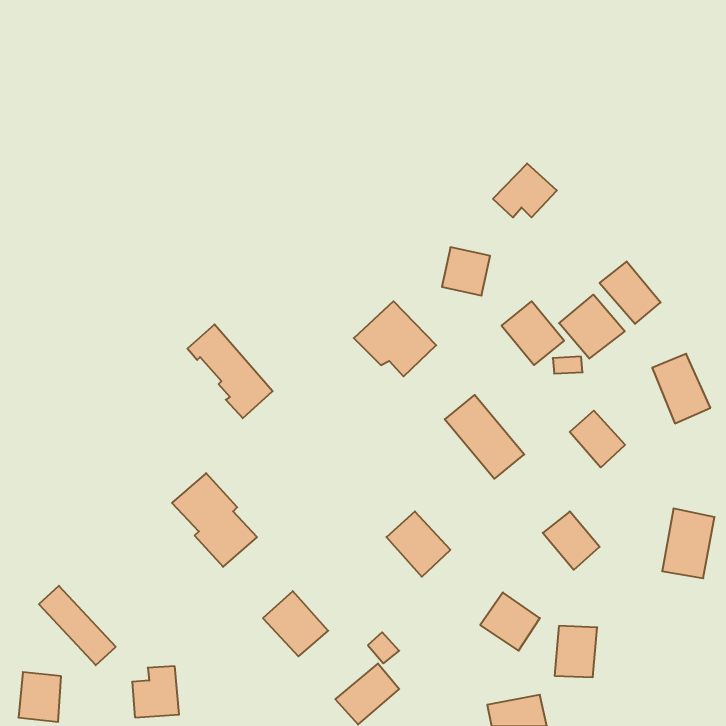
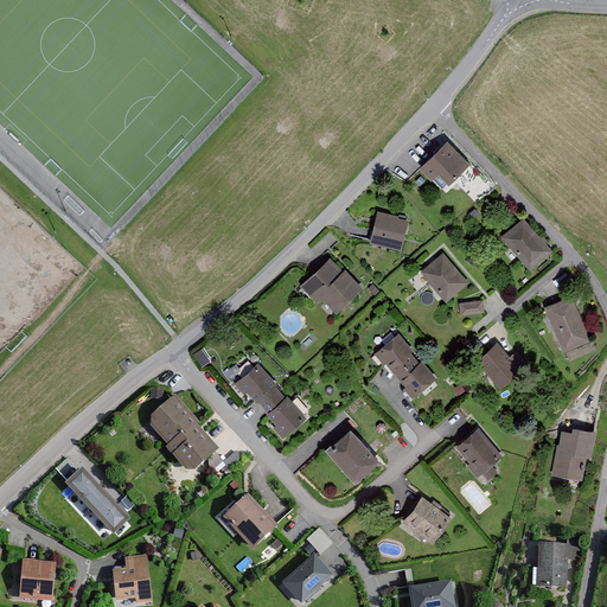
building: [559,295,625,359] -> none
building: [187,324,273,418] -> [236,363,307,441]
building: [39,586,116,665] -> [63,468,127,535]
building: [555,626,597,677] -> [536,544,571,587]

